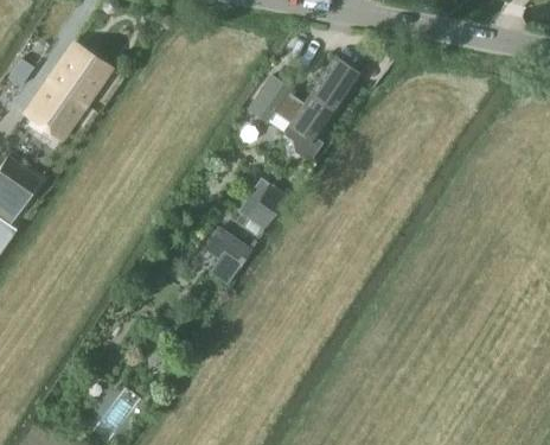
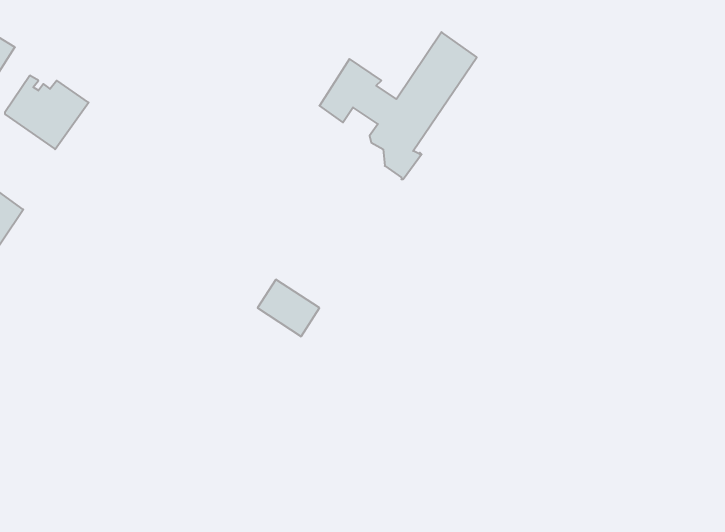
building: [44,44,110,106] -> none
building: [247,185,284,228] -> none

